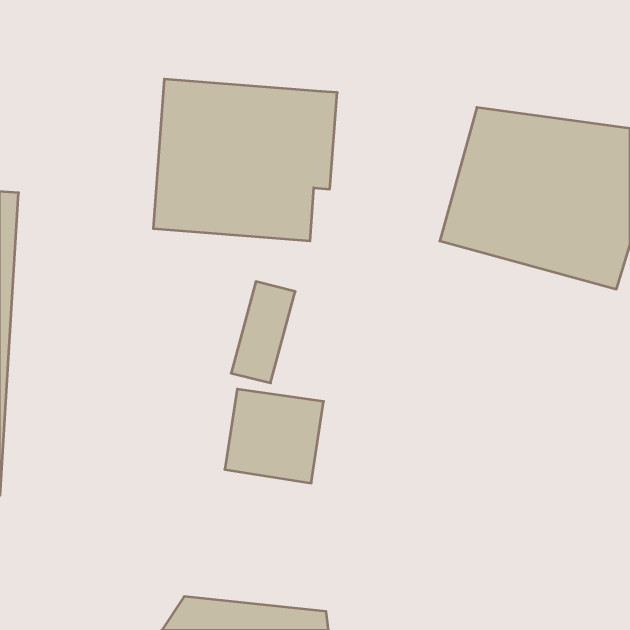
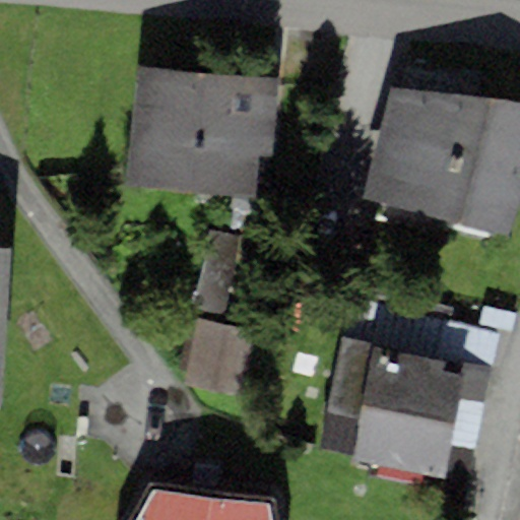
building: none -> [323,335,491,483]

